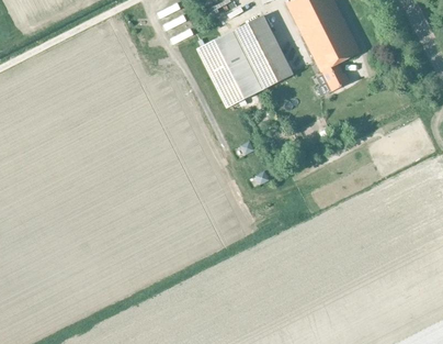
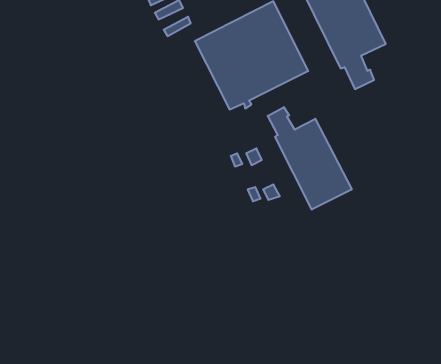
building: none -> [268,107,352,210]

